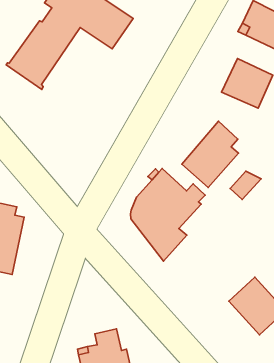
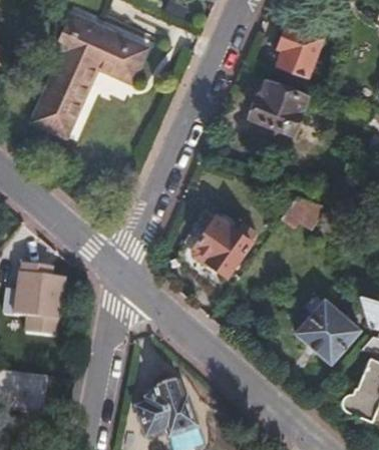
building: [182,121,238,188] -> none

